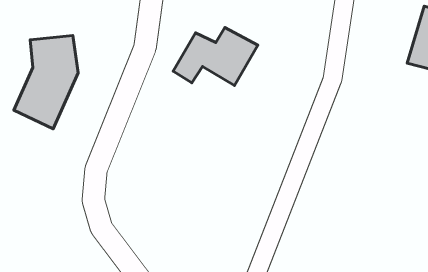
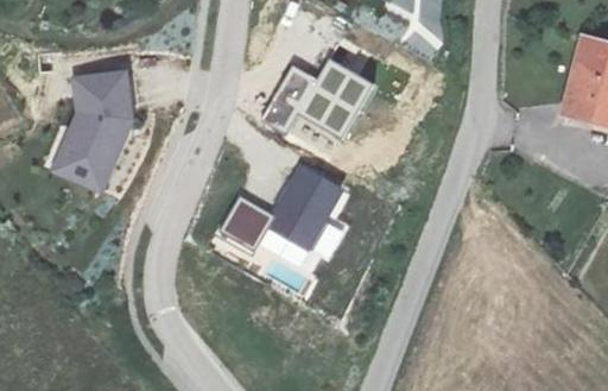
building: none -> [220,165,346,248]

